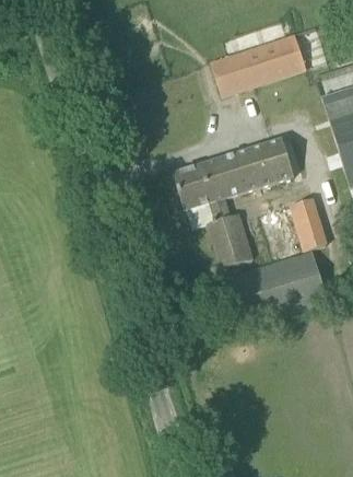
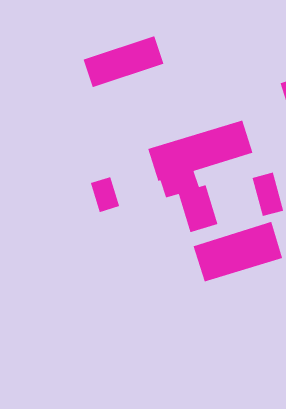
building: [211,34,304,94] -> [83,35,165,88]
building: none -> [90,176,120,213]

